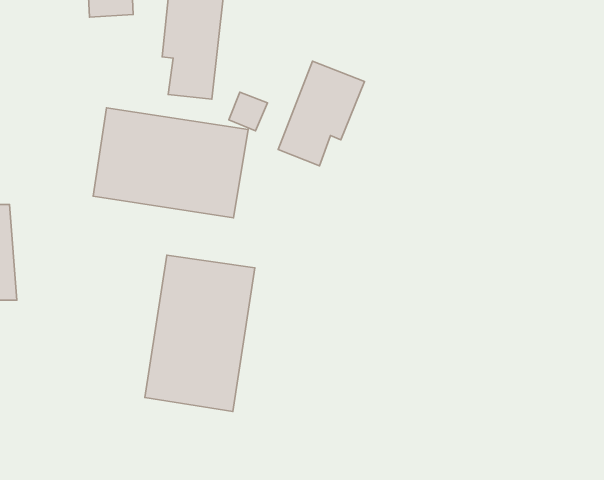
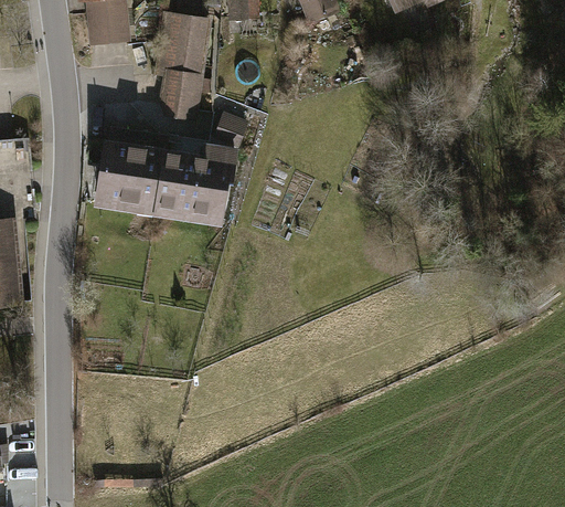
building: [278,61,364,166] -> none
building: [145,255,255,411] -> none

